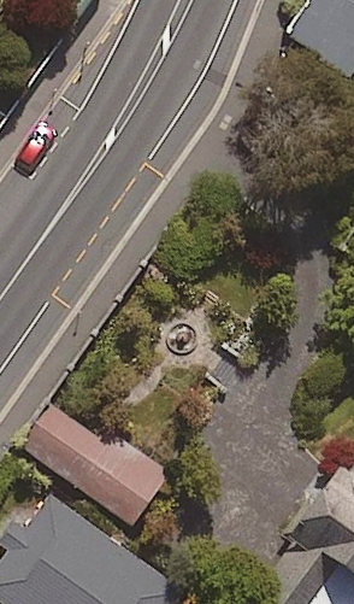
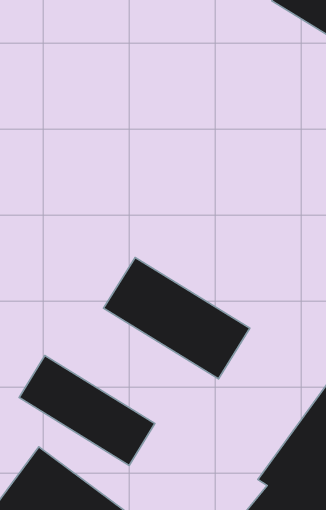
building: none -> [104,257,250,379]

